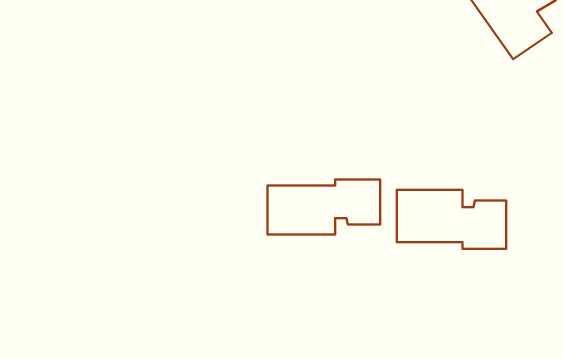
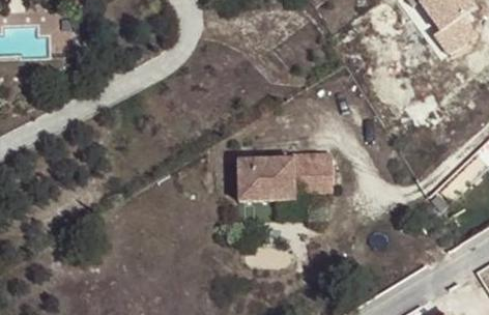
building: [397,190,506,249] -> none

